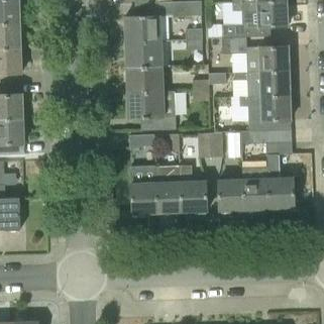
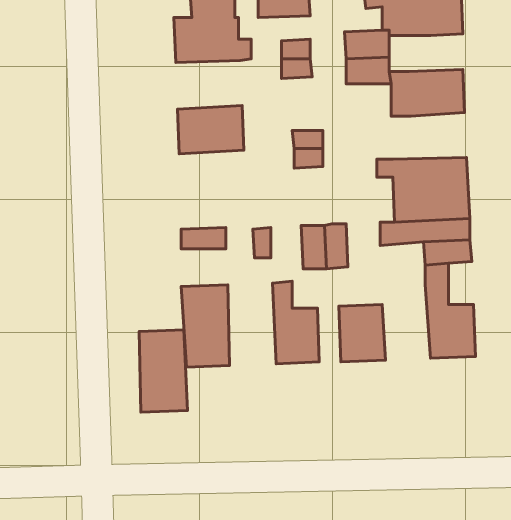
building: [126,40,164,68] -> none
building: [235,70,290,96] -> none
building: [128,91,176,130] -> none
building: [155,166,183,212] -> [139,330,188,412]
building: [242,167,269,209] -> none

